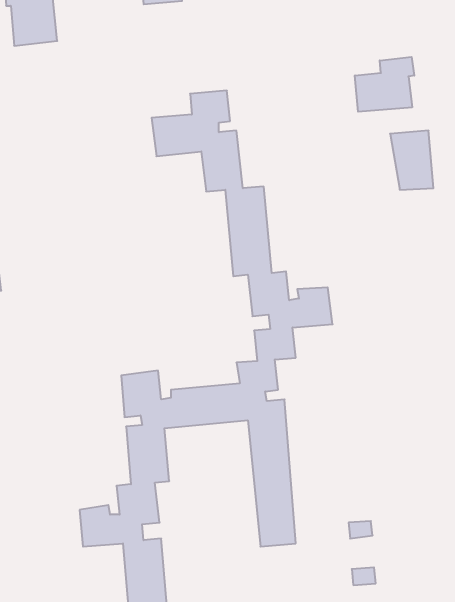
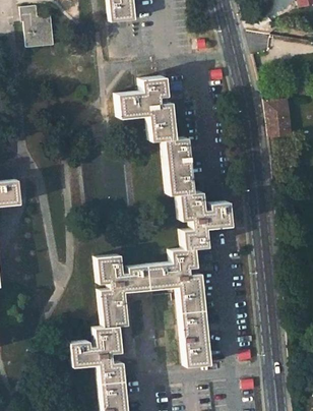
building: [355,57,414,112] -> none

